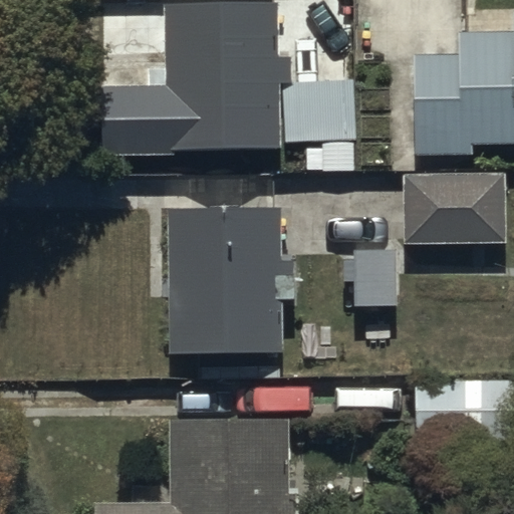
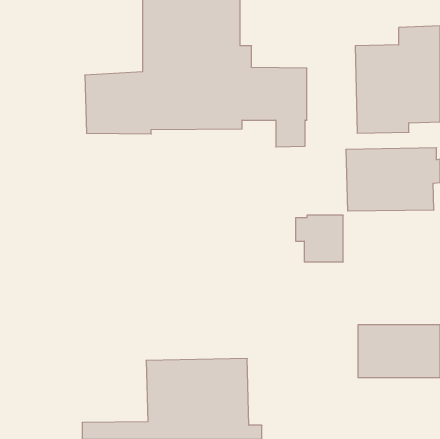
building: [168,204,296,378] -> none

